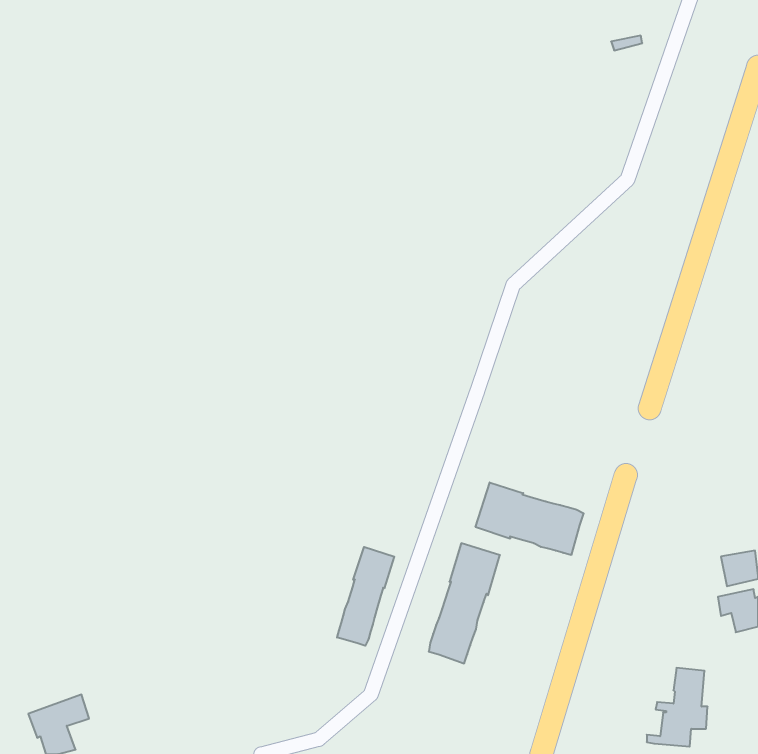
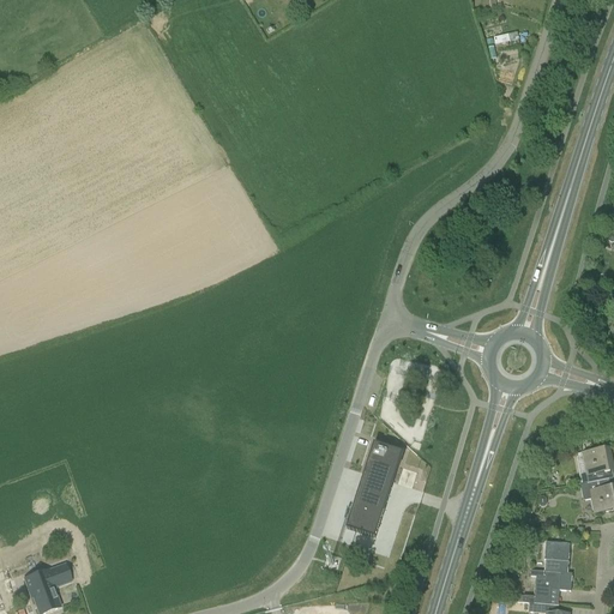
building: [476,482,584,555] -> none
building: [337,547,394,646] -> none

